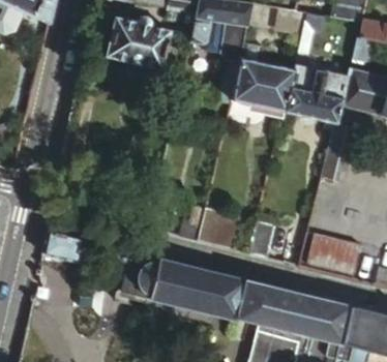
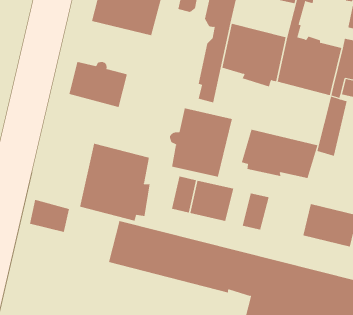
building: none -> [69,61,127,108]
building: none -> [169,108,232,177]
building: none -> [241,129,318,179]
building: none -> [79,143,150,222]

